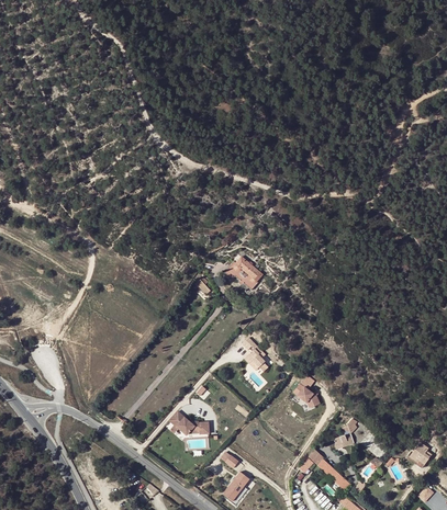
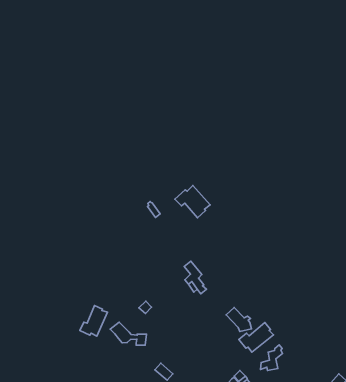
building: none -> [239,323,273,352]
building: none -> [80,305,107,336]

